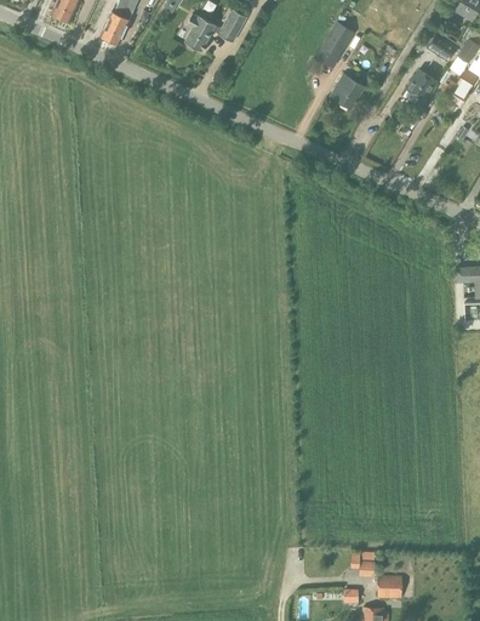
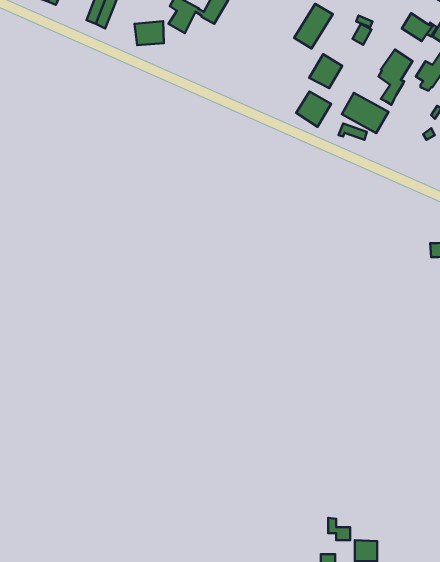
building: none -> [135,21,164,45]
building: none -> [296,91,331,127]
building: none -> [342,93,388,133]

